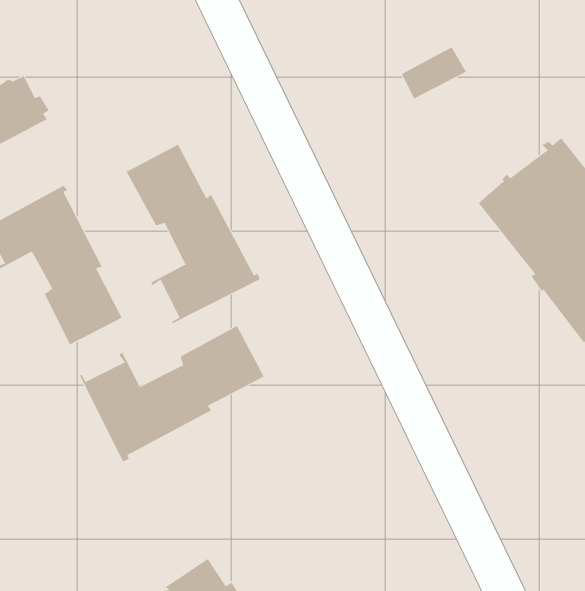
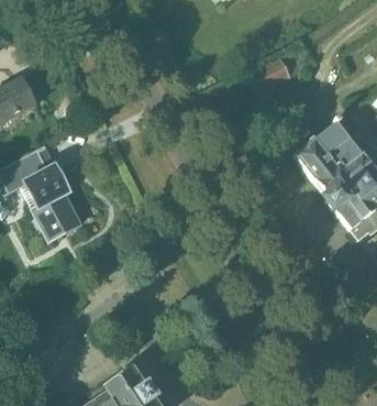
building: [126,144,261,324] -> none
building: [79,325,264,462] -> none

